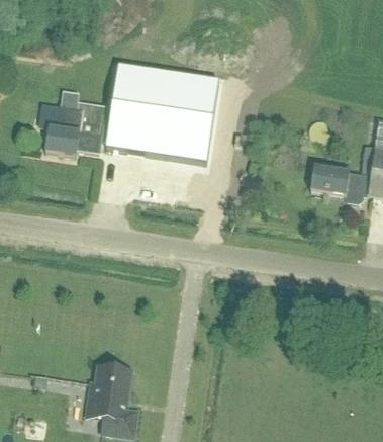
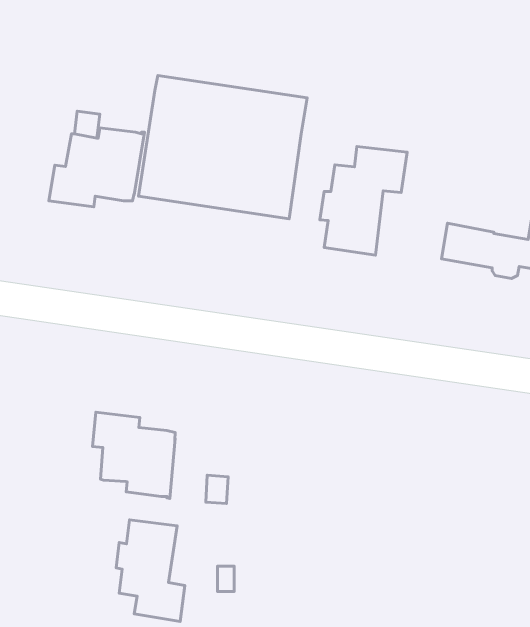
building: none -> [320,146,407,255]
building: none -> [93,412,175,499]

